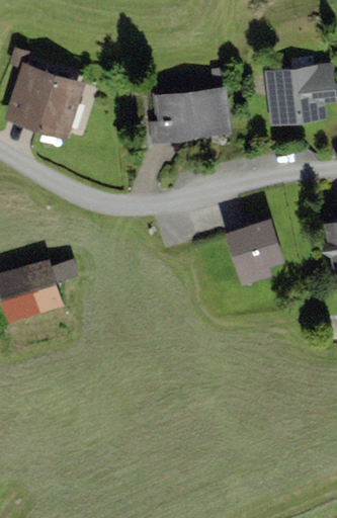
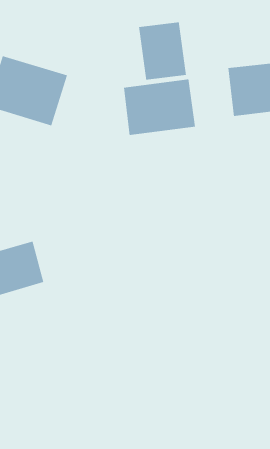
building: none -> [139,21,186,81]
building: [225,215,283,273] -> none

